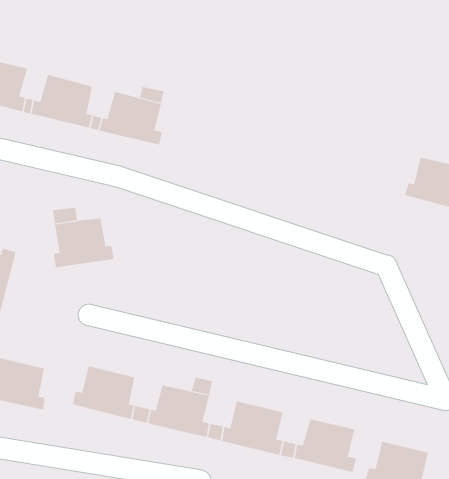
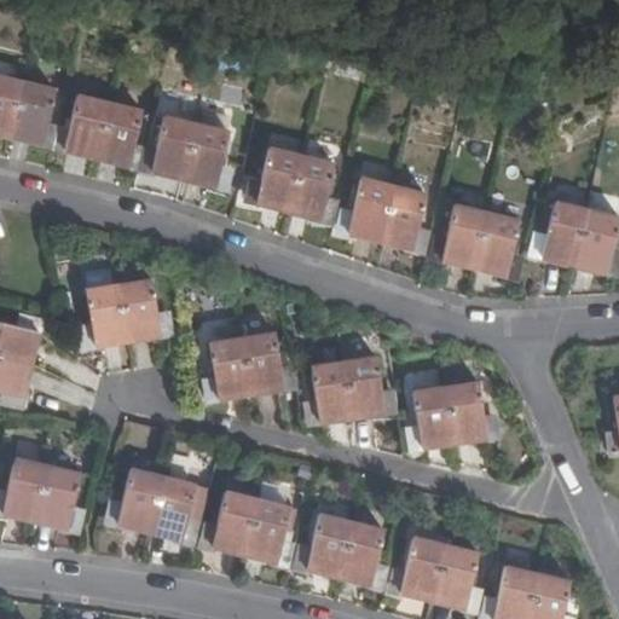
building: none -> [249,150,334,220]
building: none -> [342,181,424,250]
building: none -> [435,208,516,276]
building: none -> [209,334,289,398]
building: none -> [312,357,391,422]
building: none -> [413,381,493,446]

